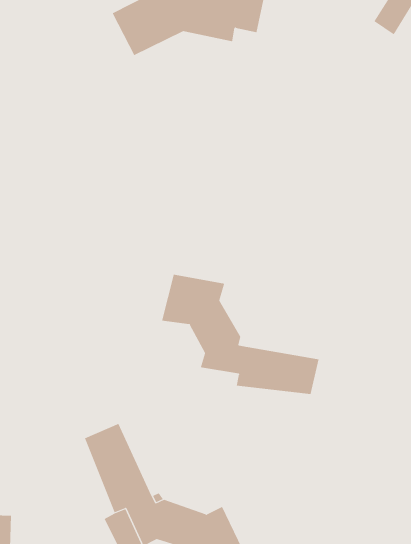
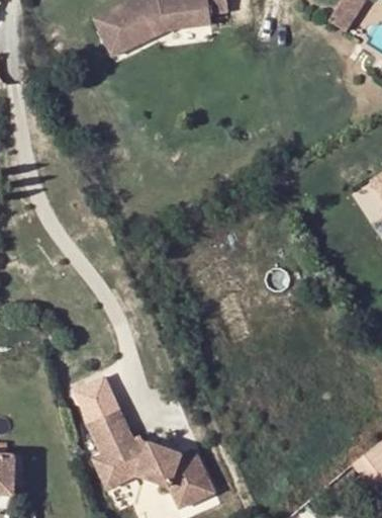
building: [161,274,319,395] -> none

